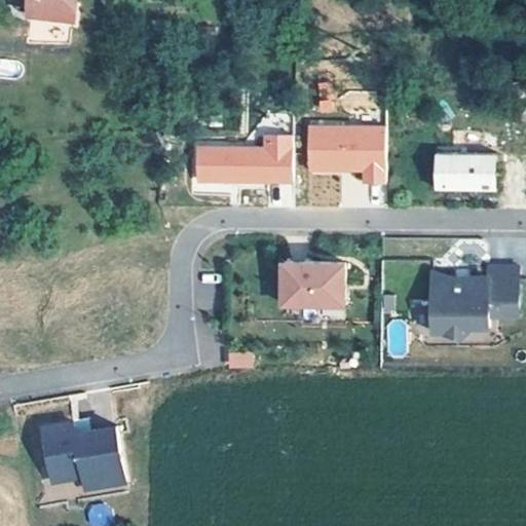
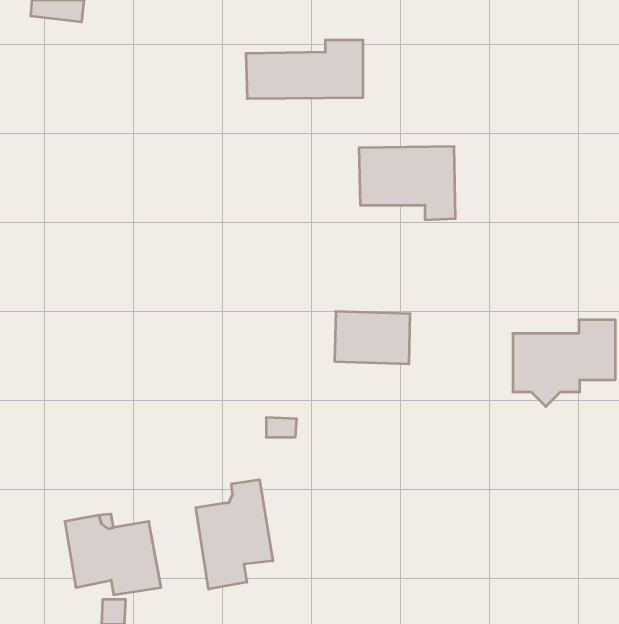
building: [190,134,289,183] -> [246,40,363,99]
building: [435,154,493,191] -> none
building: none -> [196,480,273,589]

